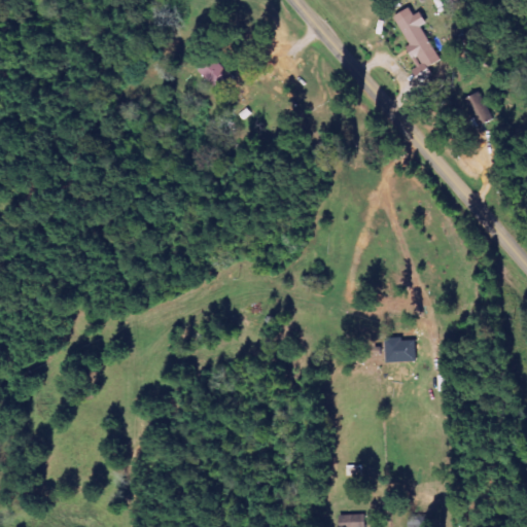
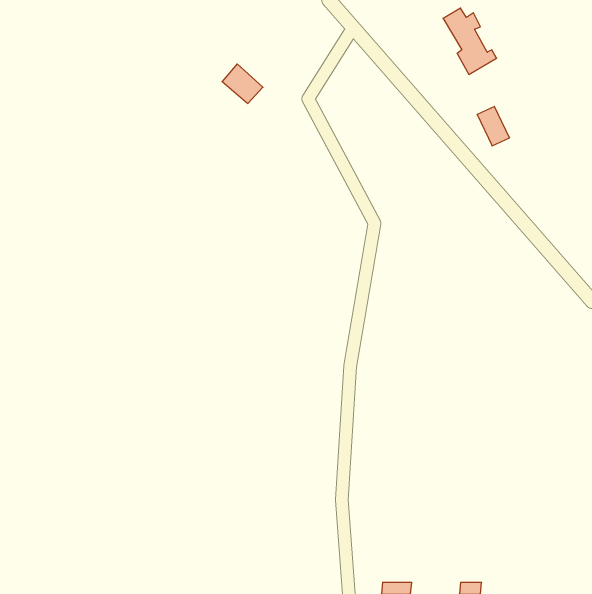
building: [463,92,492,127] -> [477,106,510,146]
building: [384,333,415,363] -> none

